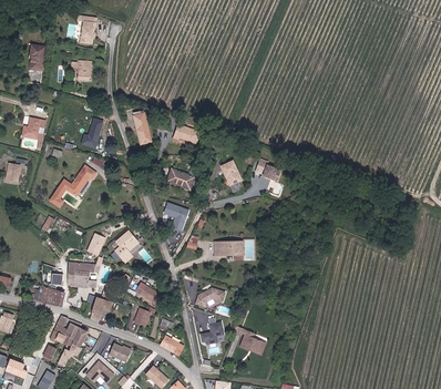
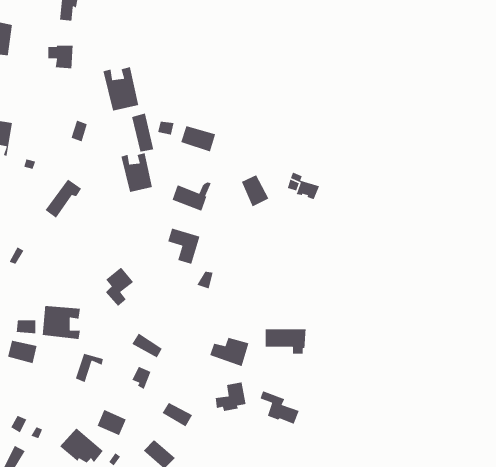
building: none -> [102,66,139,112]
building: none -> [121,152,153,193]
building: [214,240,246,260] -> [265,329,307,355]
building: [50,324,89,356] -> none

